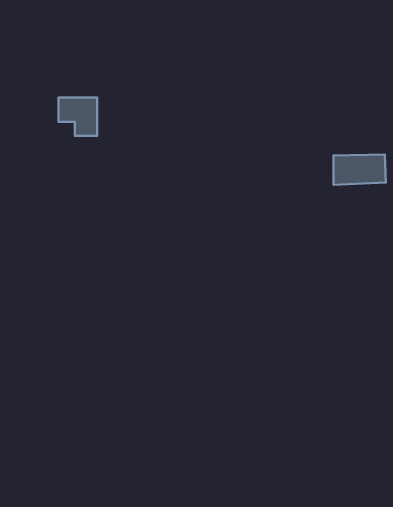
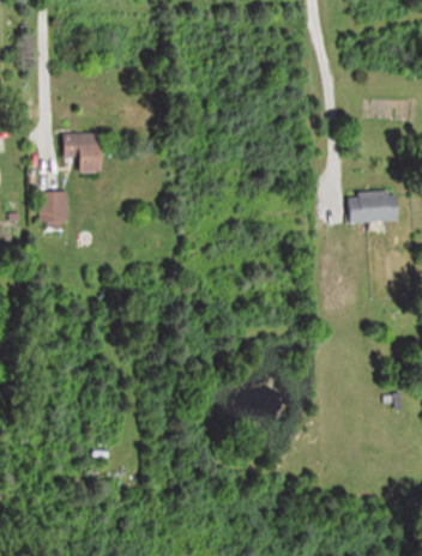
building: none -> [37,192,66,228]

